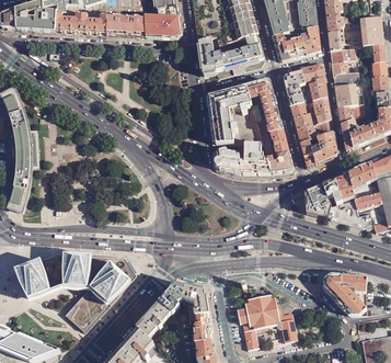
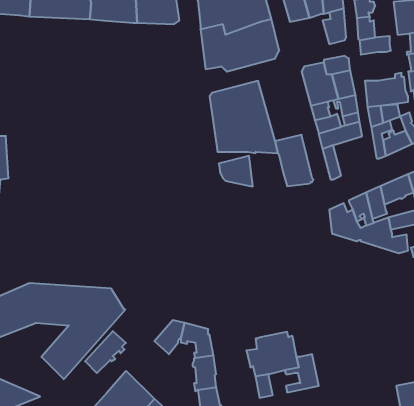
building: [273,30,306,61] -> none
building: [332,61,360,86] -> none
building: [246,79,283,136] -> none
building: [309,132,337,165] -> none
building: [238,145,271,173] -> none
building: [323,275,367,316] -> none
building: [137,303,171,338] -> [85,331,126,373]

